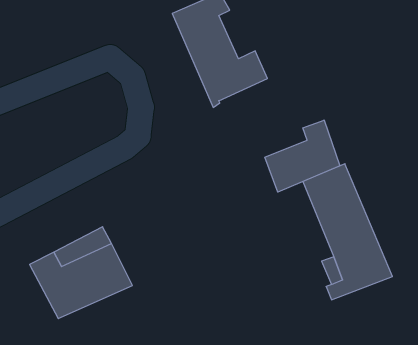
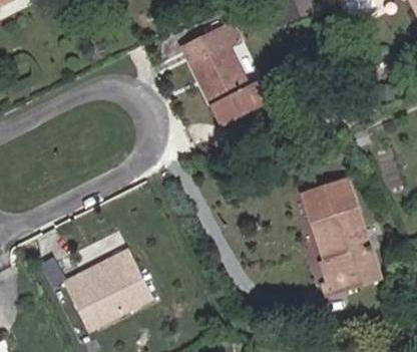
building: [265,120,340,192] -> none

